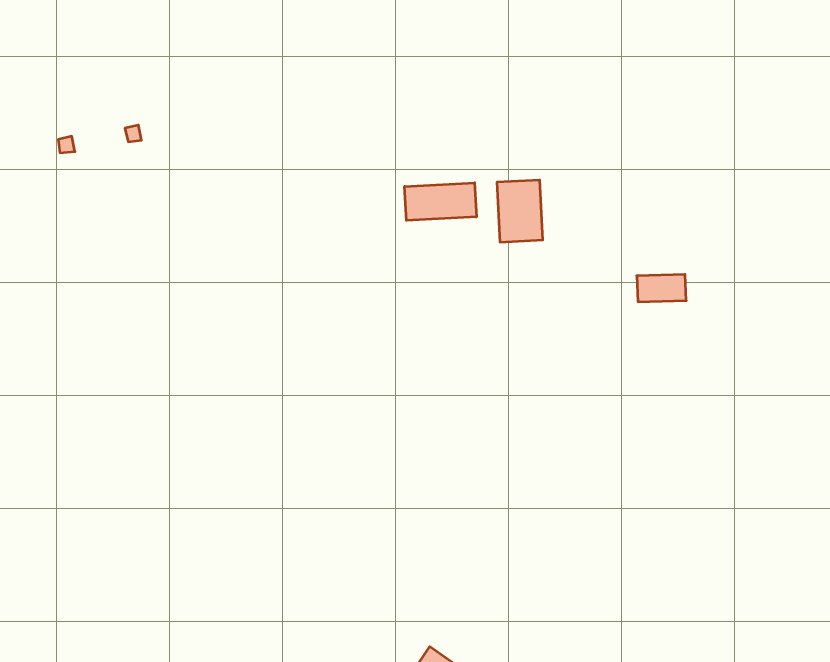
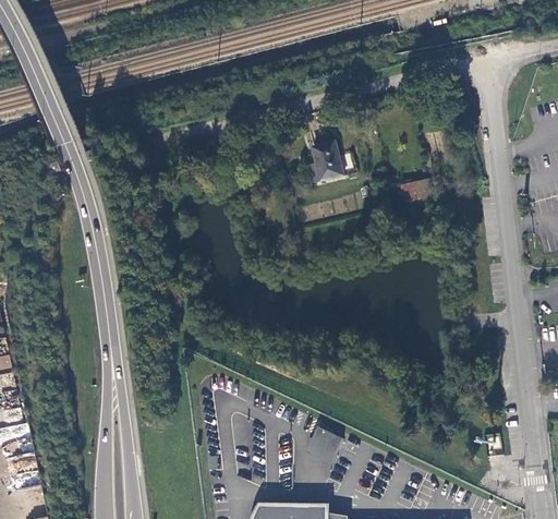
building: [405,183,476,220] -> none

